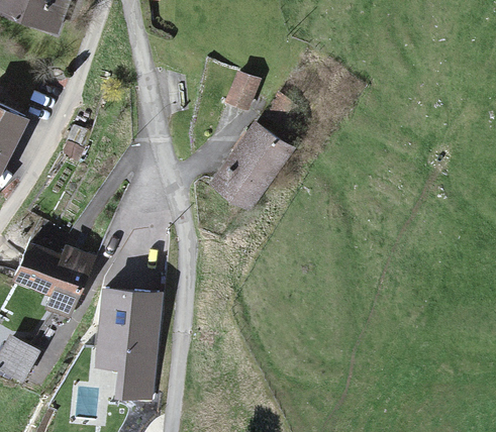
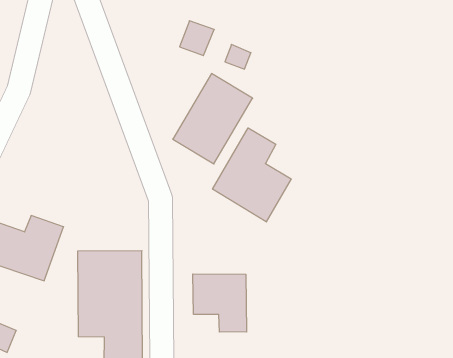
building: none -> [213,128,291,222]
building: none -> [193,274,247,332]

